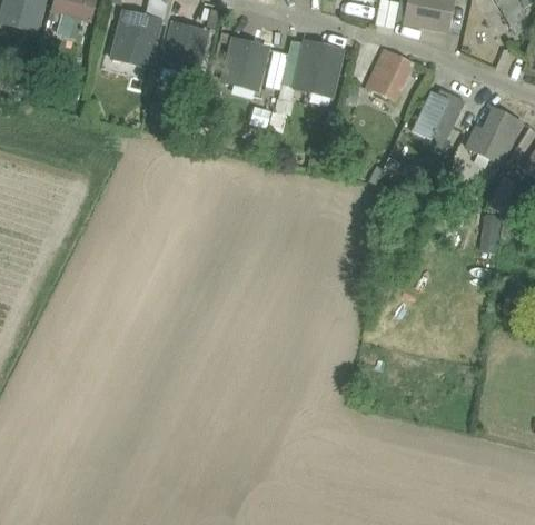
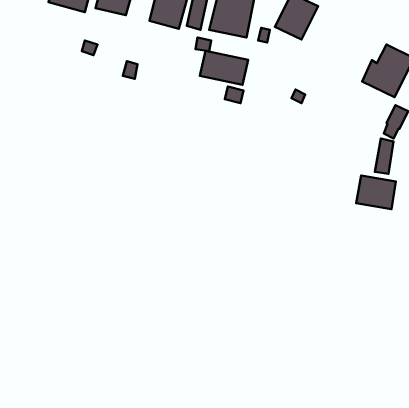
building: [412,89,465,149] -> none
building: none -> [200,51,248,85]
building: none -> [356,175,396,209]

